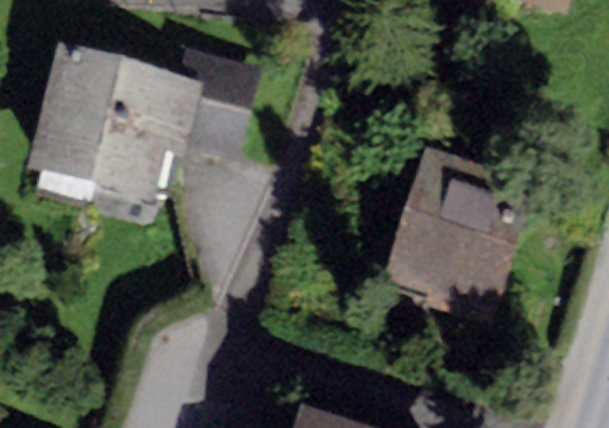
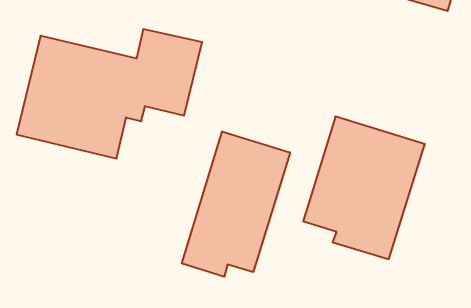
building: none -> [182,131,290,277]

